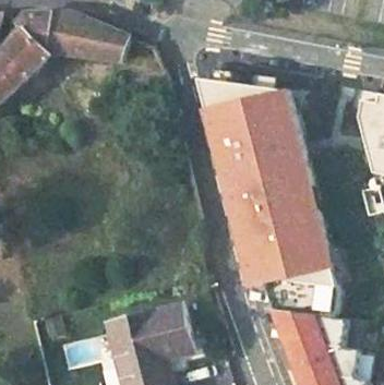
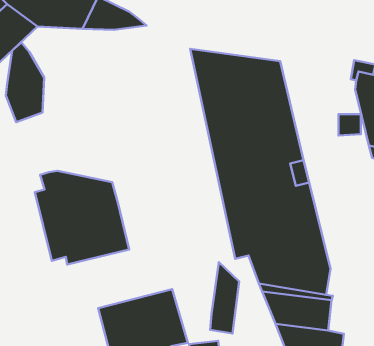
building: none -> [6,43,44,122]
building: none -> [35,171,129,265]
building: none -> [210,262,239,334]

